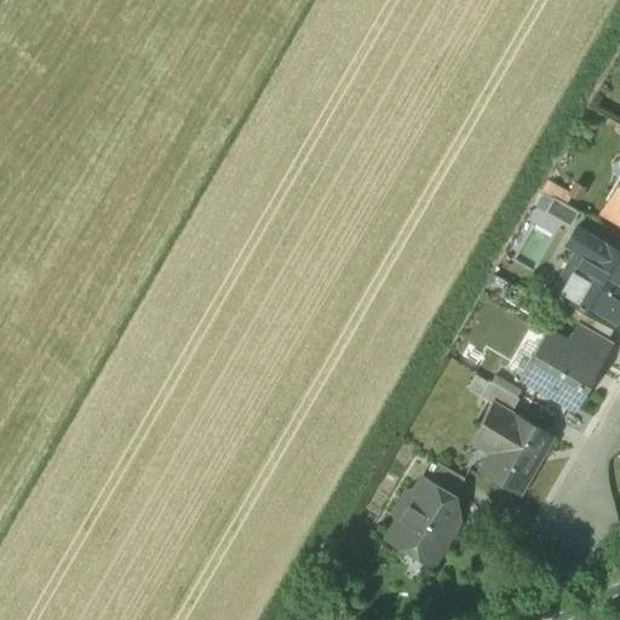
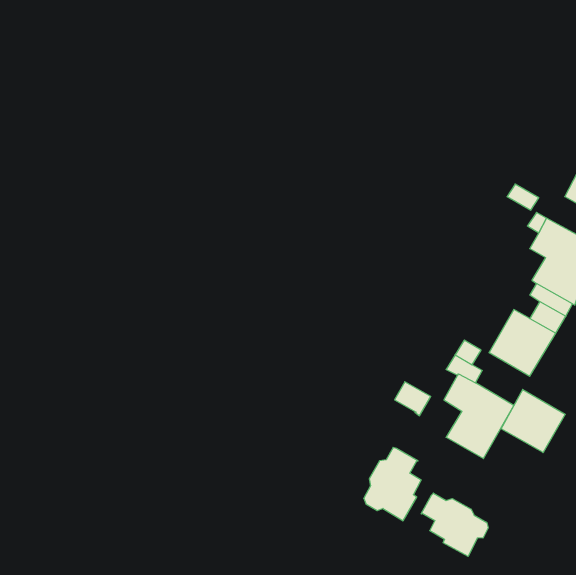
building: none -> [501,389,565,453]
building: [426,464,465,500] -> [395,382,431,416]
building: none -> [421,493,488,556]

